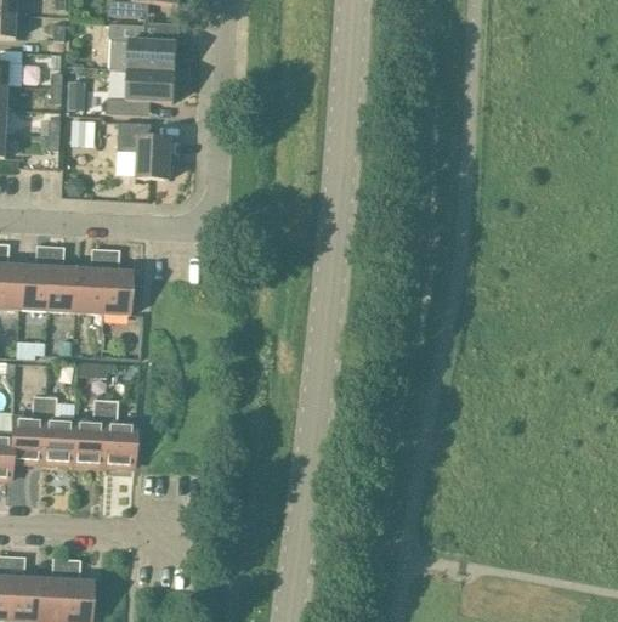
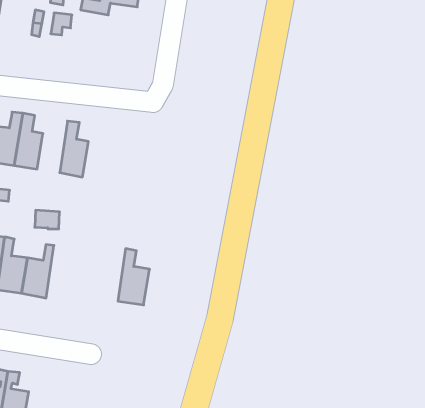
building: [117,123,170,180] -> none
building: [73,249,103,313] -> none
building: [101,402,135,468] -> [118,249,150,305]

